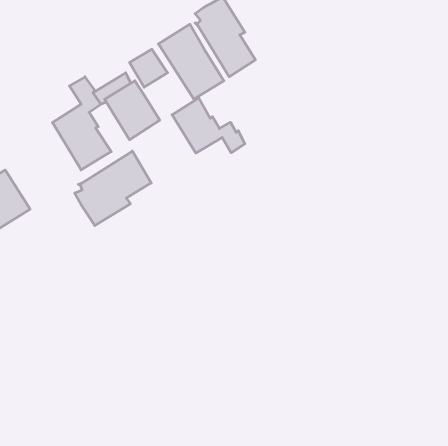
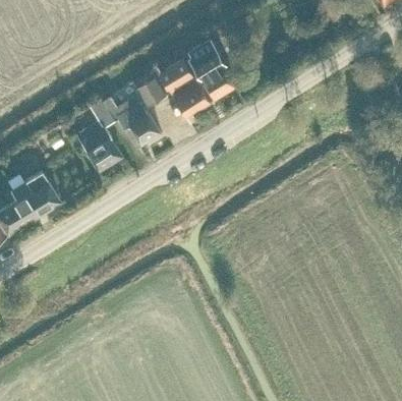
building: [172,98,245,153] -> none
building: [75,151,151,226] -> none

